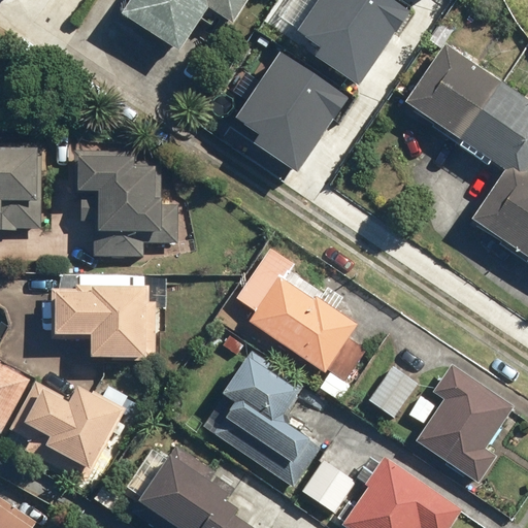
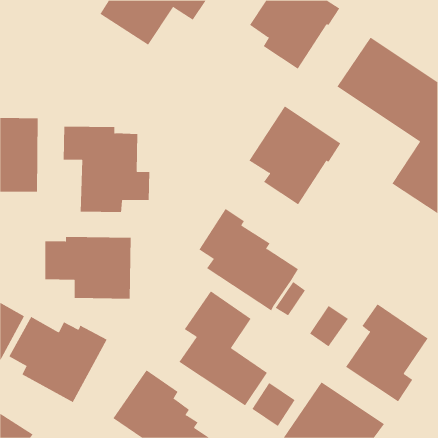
building: [236,52,348,171] -> [249,106,341,205]

